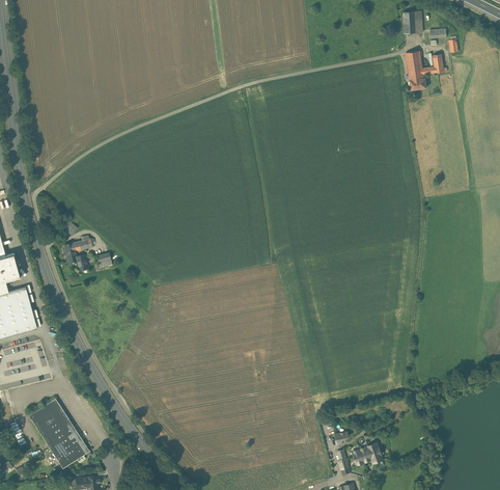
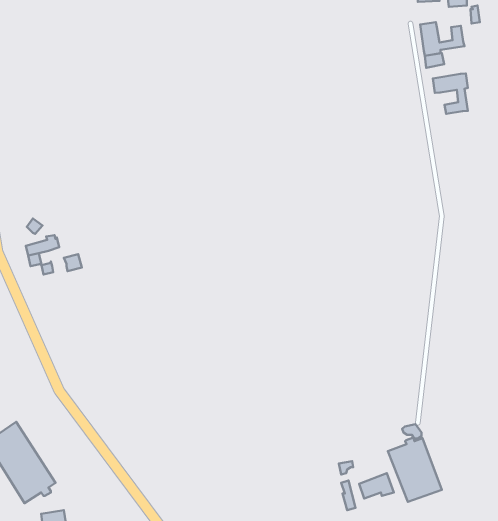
building: none -> [433,73,468,114]
building: none -> [388,438,442,502]

